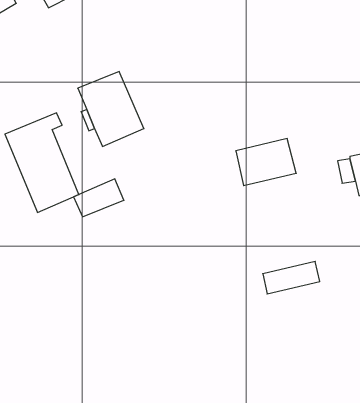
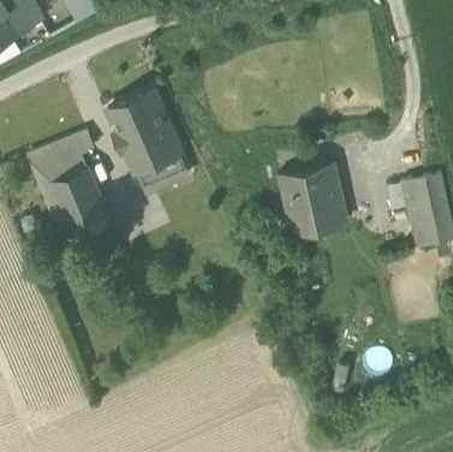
building: [73,179,124,217] -> [135,151,189,192]
building: [263,261,320,294] -> [286,200,347,234]

